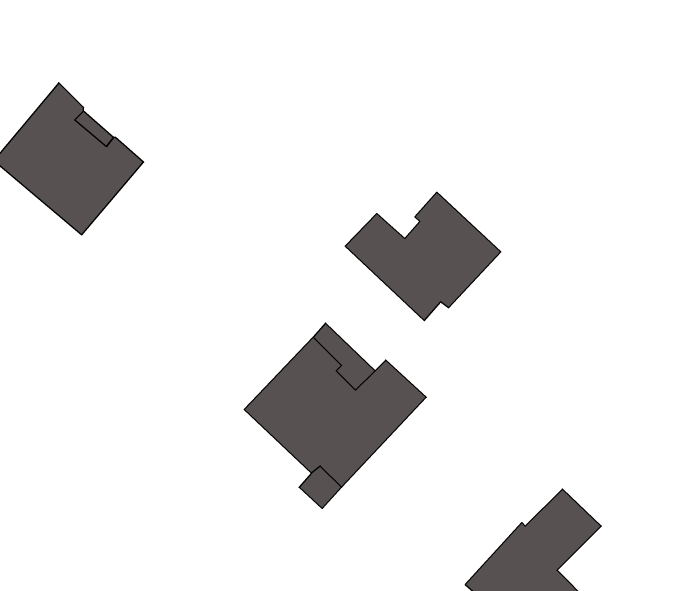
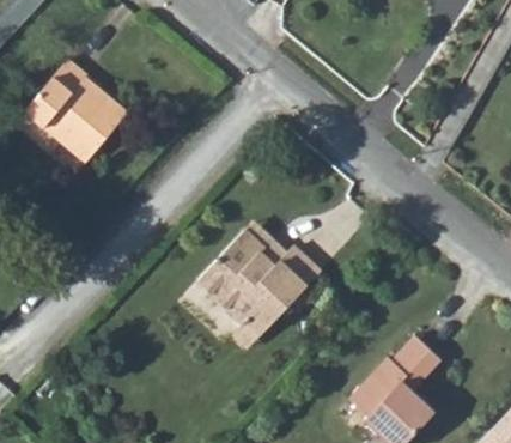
building: [345,192,501,321] -> none

